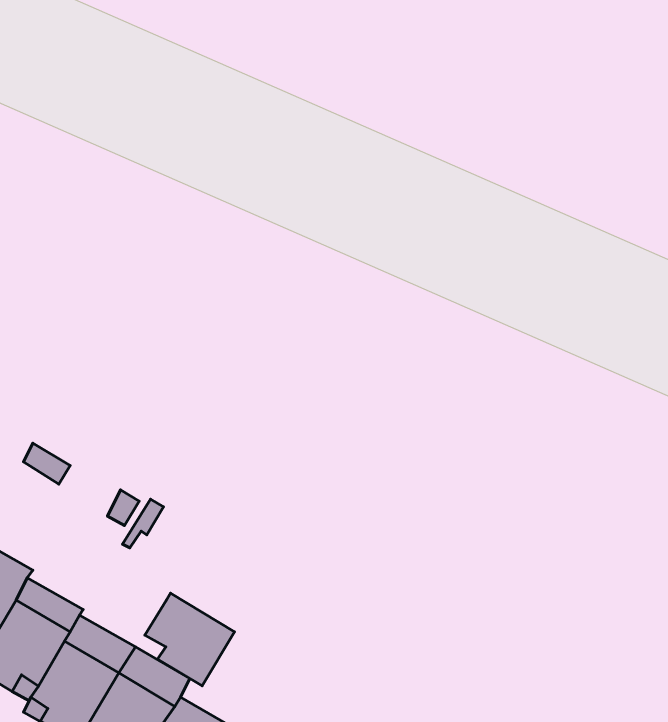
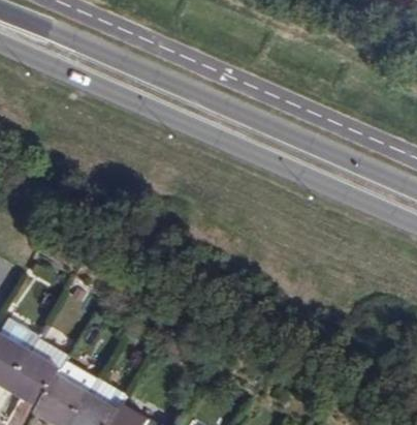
building: [145,593,234,686] -> none

